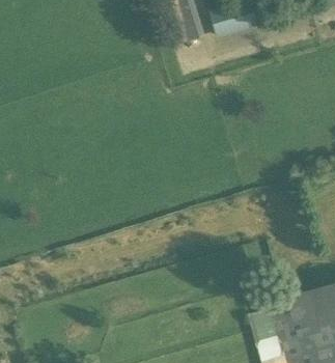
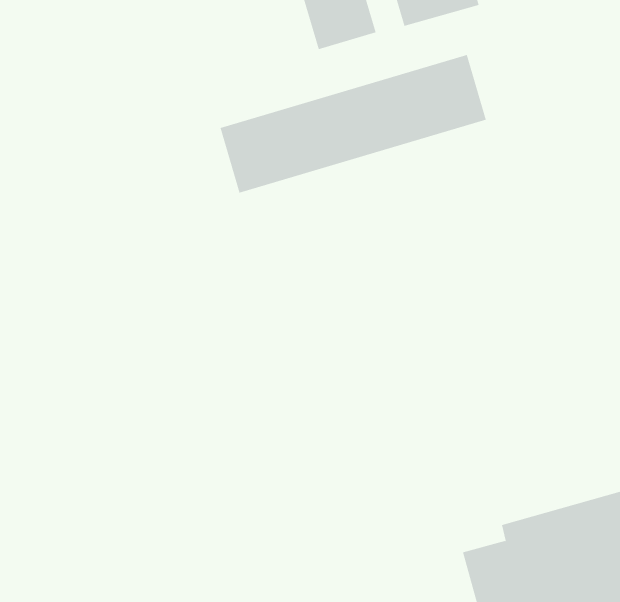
building: none -> [220,54,486,194]

